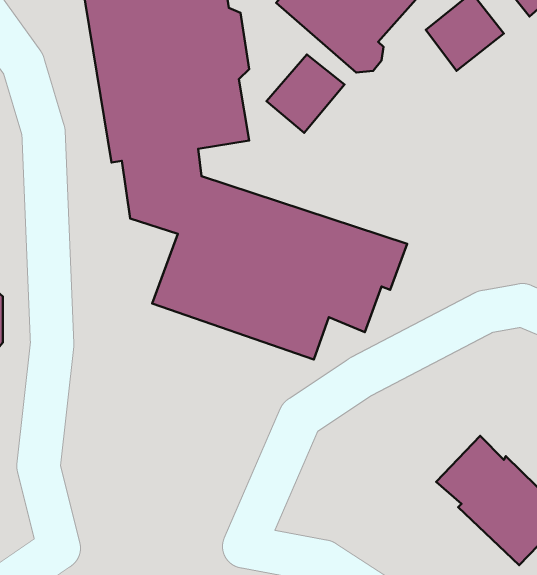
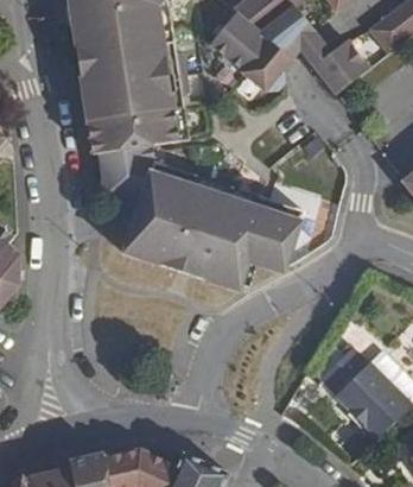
building: [267,54,345,133] -> none

